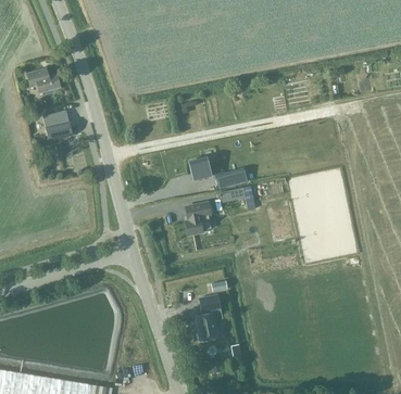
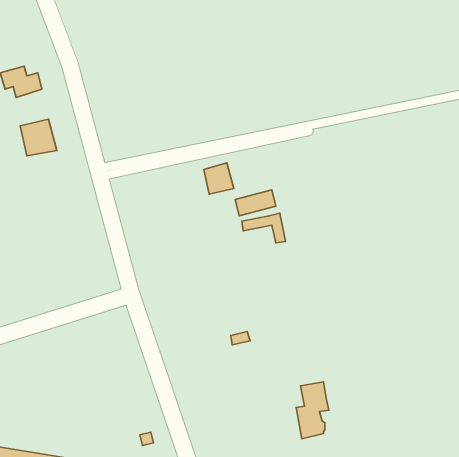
building: [181,203,210,237] -> none
building: [196,295,222,341] -> [296,382,329,439]

